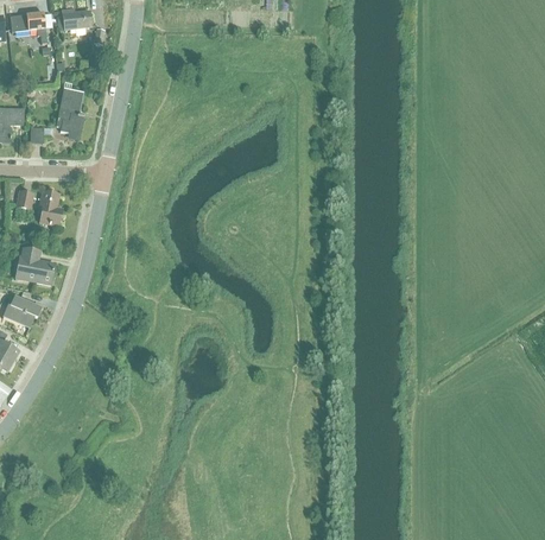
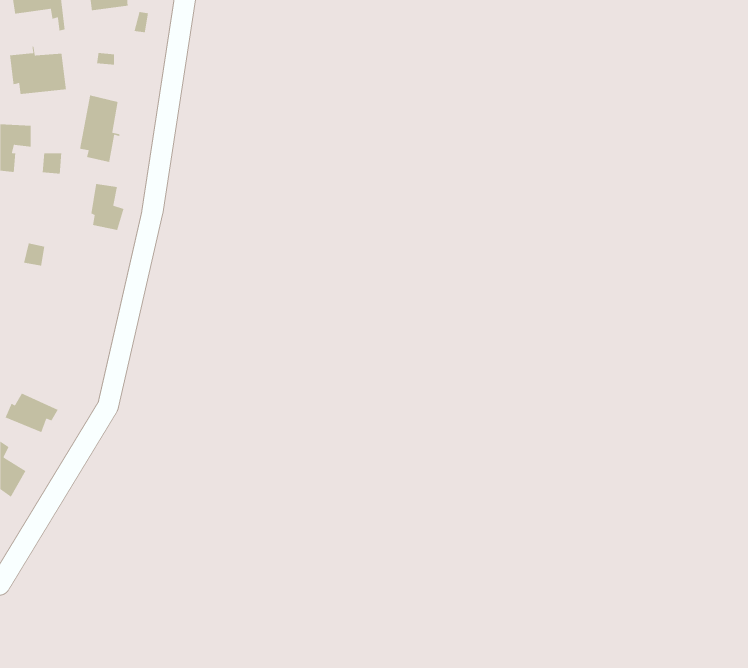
building: none -> [9,46,67,95]
building: [39,191,63,224] -> [90,183,124,231]
building: [17,247,55,284] -> none

